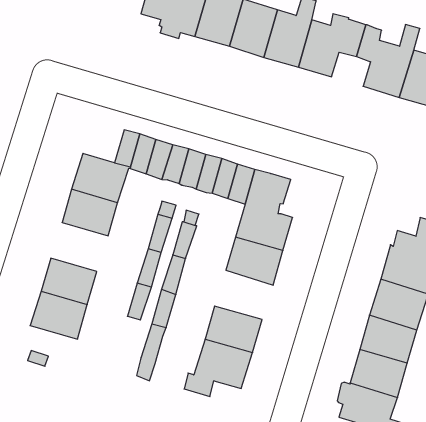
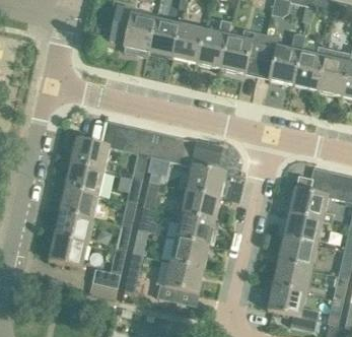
building: none -> [60,186,98,218]
building: none -> [175,211,215,244]
building: none -> [92,248,125,287]

